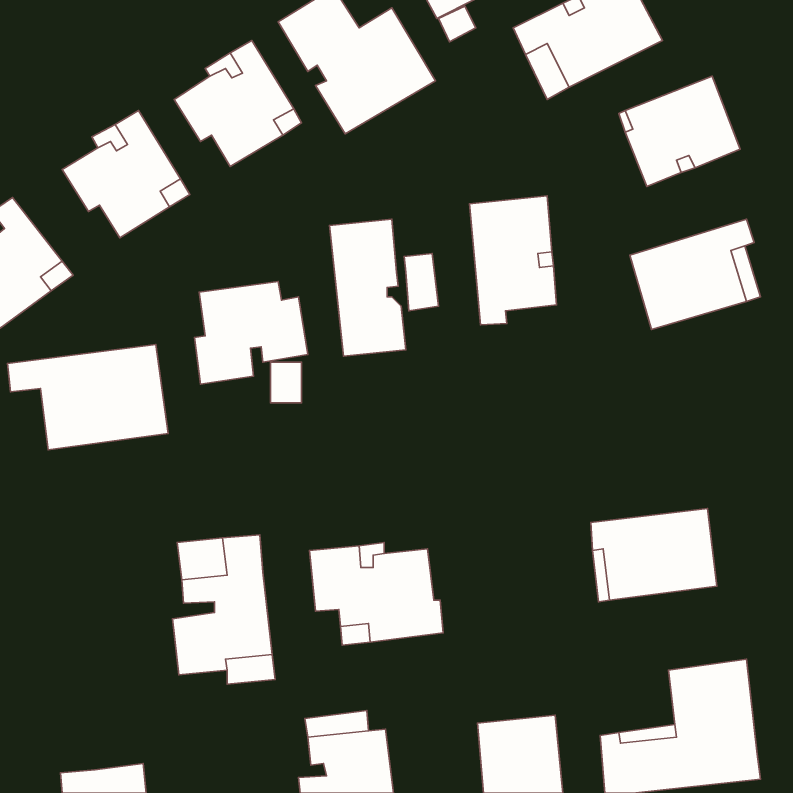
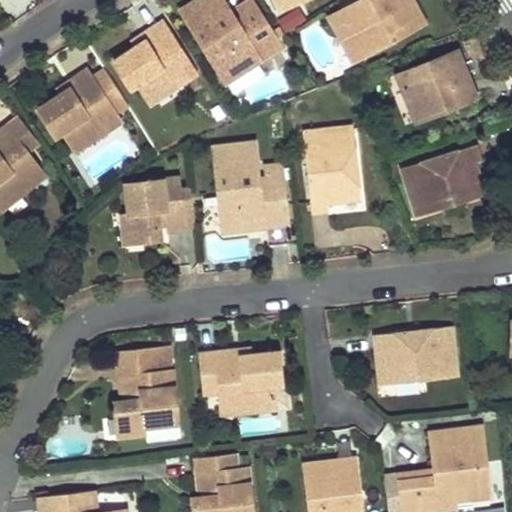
building: none -> [249,175,285,225]
building: [8,345,168,450] -> none

